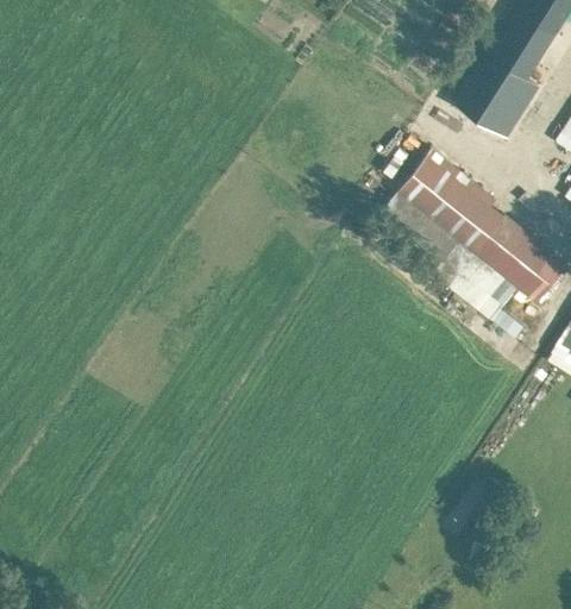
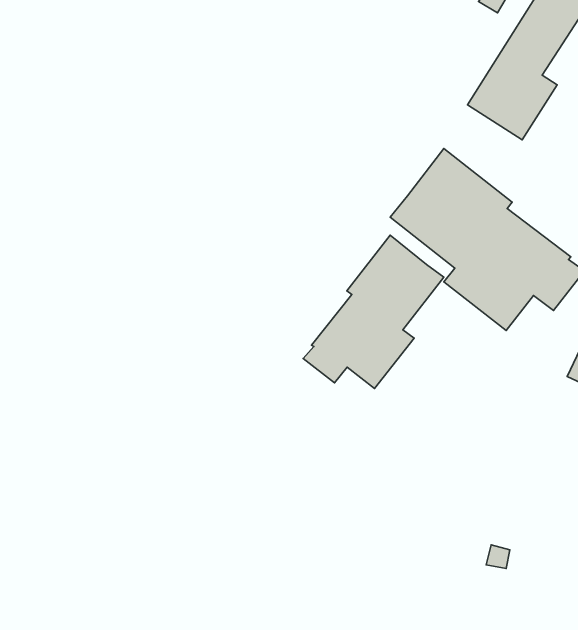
building: none -> [303,235,444,389]

